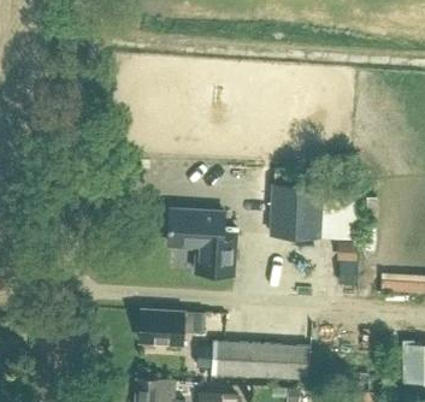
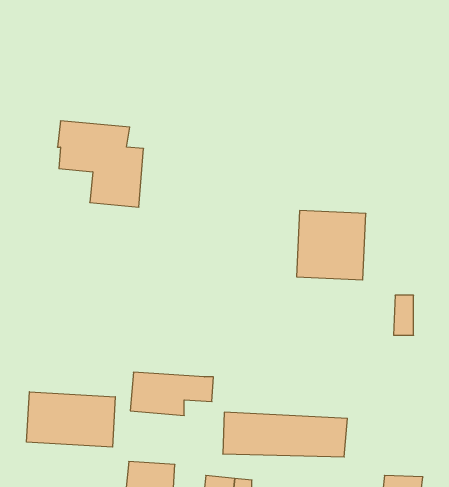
building: [169,211,236,278] -> [57,121,144,207]
building: none -> [27,392,115,447]

